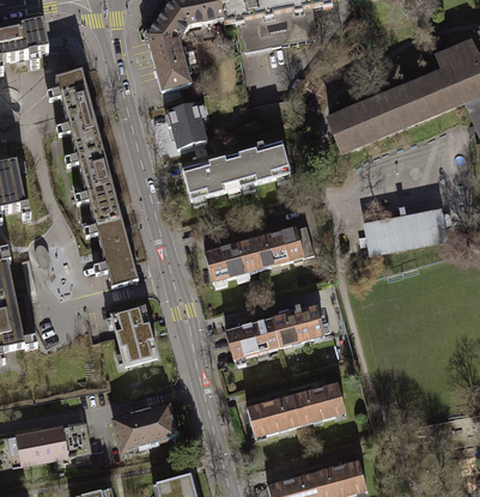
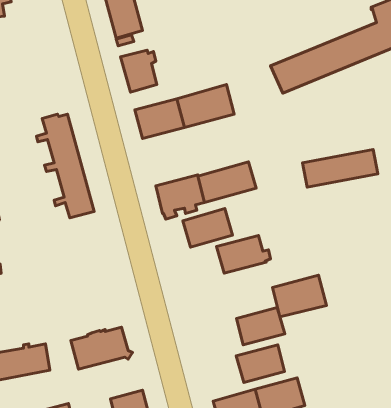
building: [44,69,109,177] -> none
building: [110,305,157,364] -> none
building: [225,316,279,358] -> [183,209,233,247]
building: none -> [272,275,327,317]
building: [247,394,299,435] -> [236,345,285,382]

